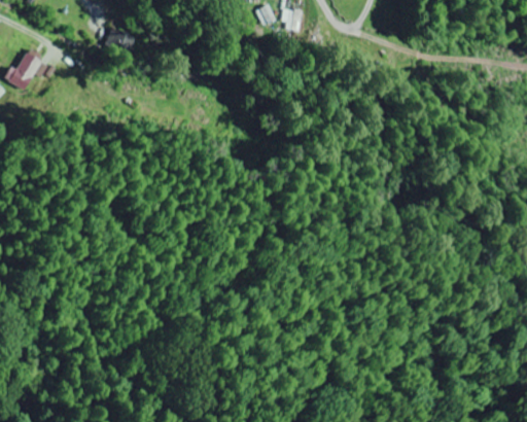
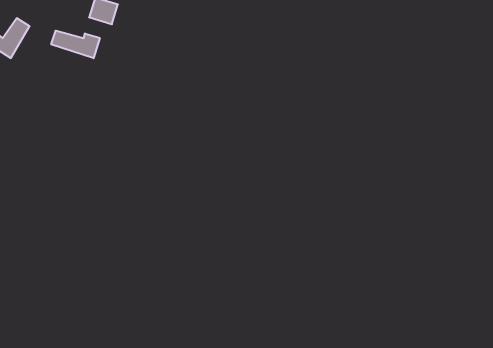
building: none -> [51,31,100,58]

